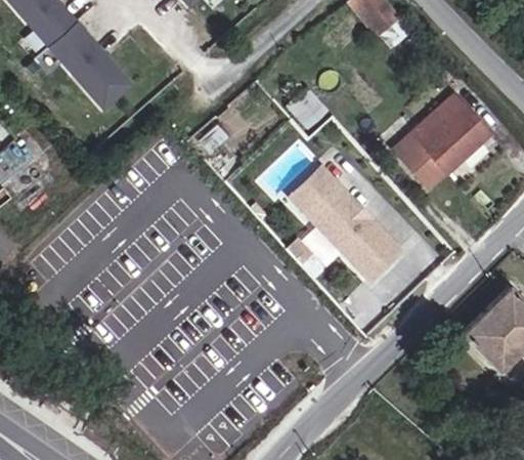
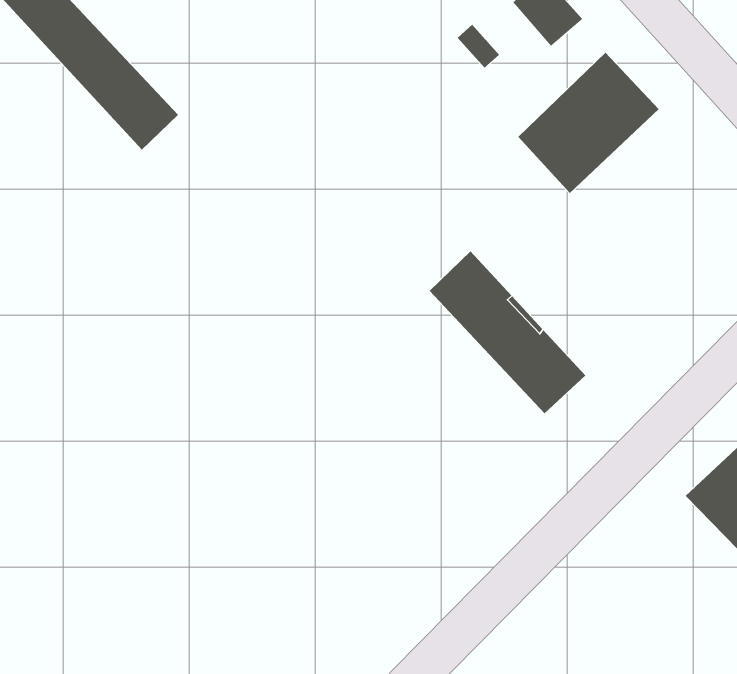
building: [394,97,488,192] -> [518,52,659,194]

